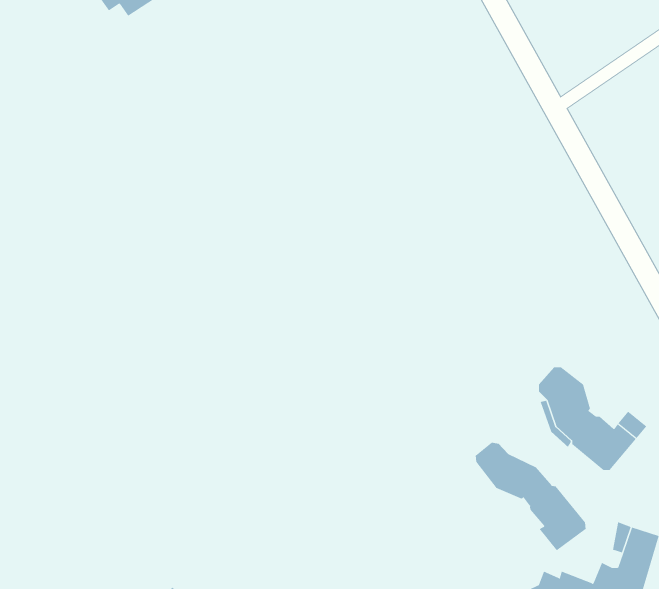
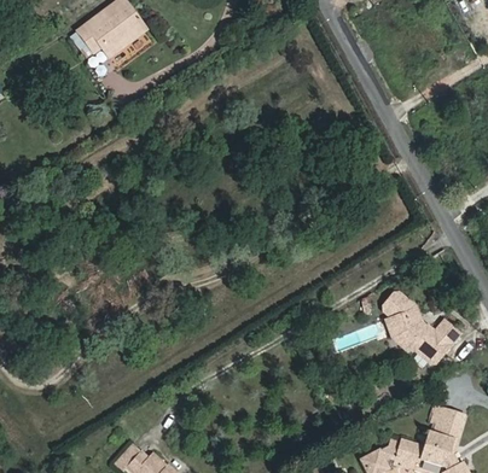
building: [475,442,586,551] -> none

